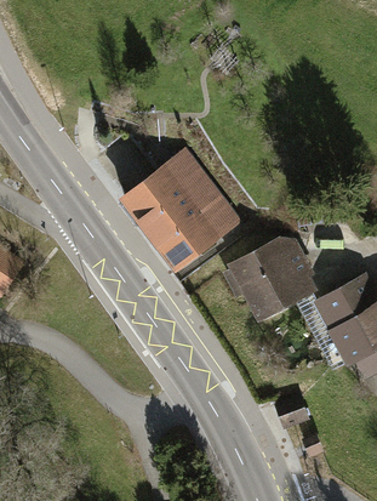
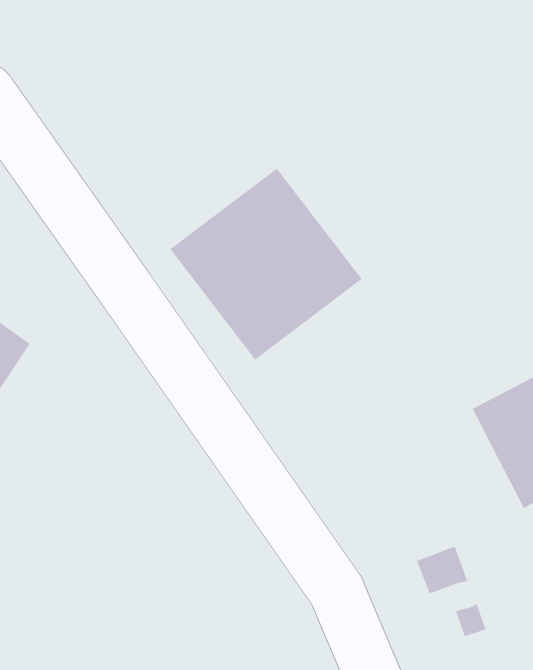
building: [225,232,318,325] -> none

